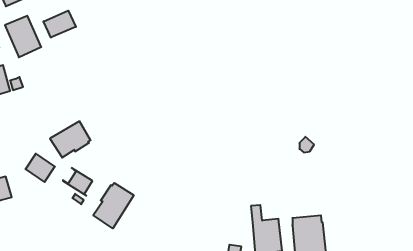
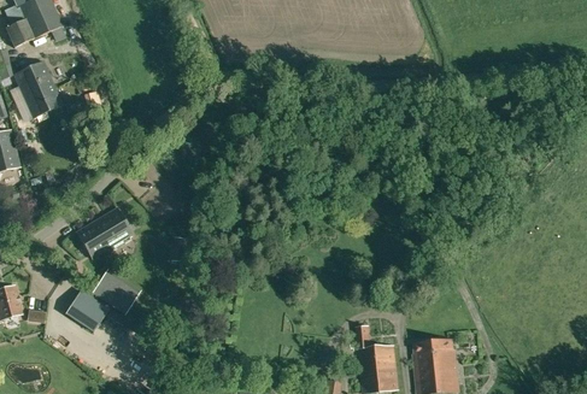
building: [43,11,76,38] -> none
building: [25,154,55,182] -> [65,290,106,330]
building: [93,183,134,228] -> none

